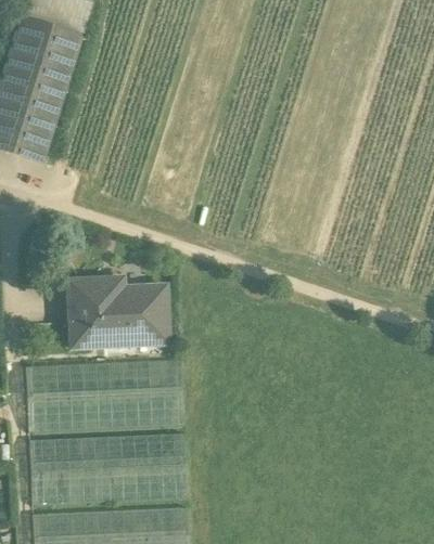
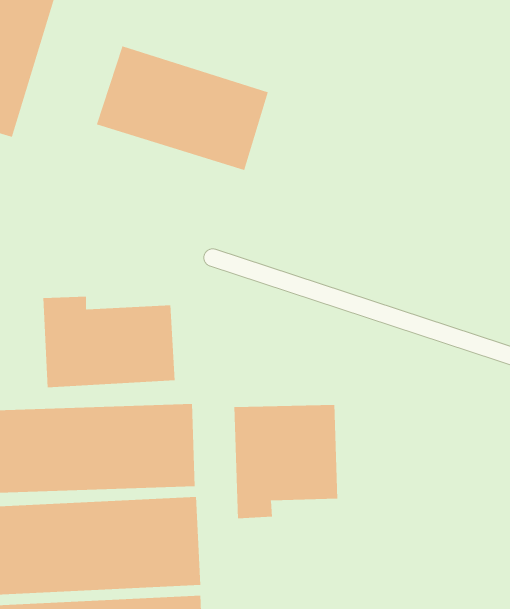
building: none -> [96,45,268,171]
building: none -> [234,404,338,519]

